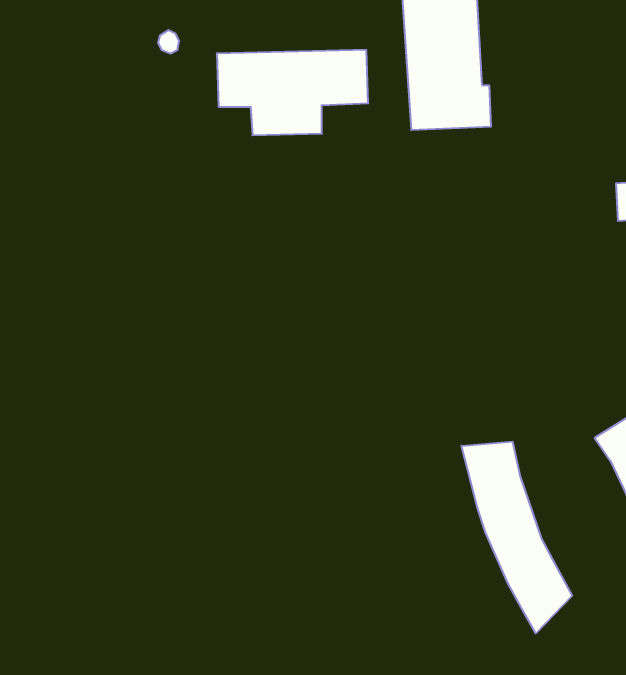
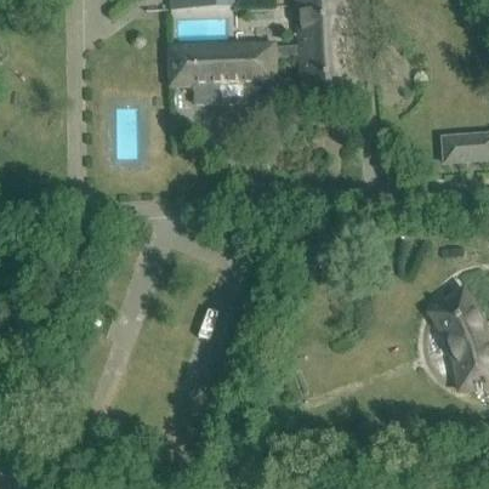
building: [462,442,572,633] -> none

